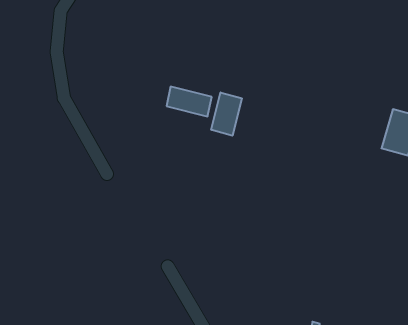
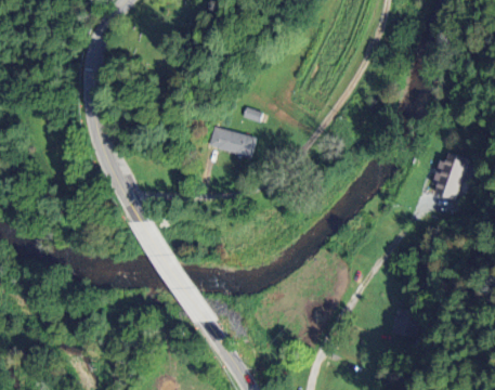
building: [211,92,242,136] -> none

